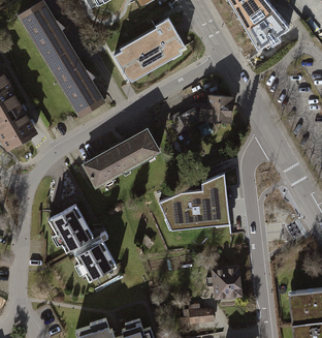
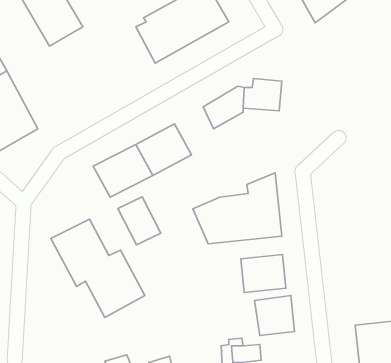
building: [46,52,103,119] -> none
building: none -> [118,197,161,245]
building: none -> [241,254,286,293]

